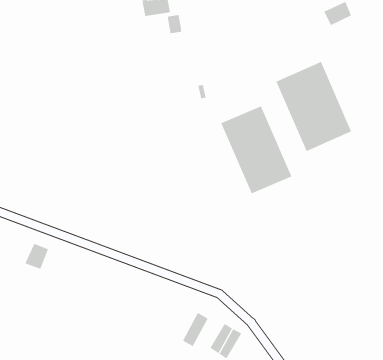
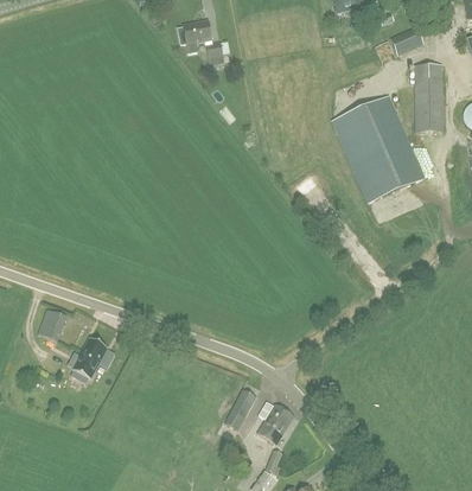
building: none -> [413,63,442,130]
building: [220,106,292,194] -> none
building: none -> [70,337,107,383]

